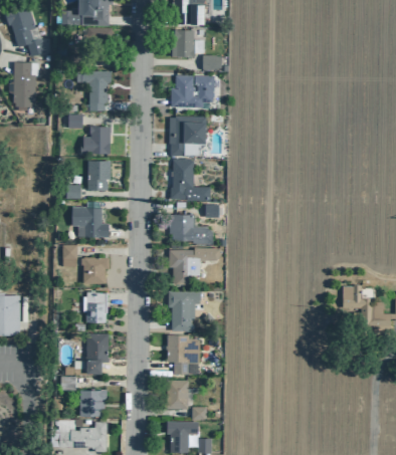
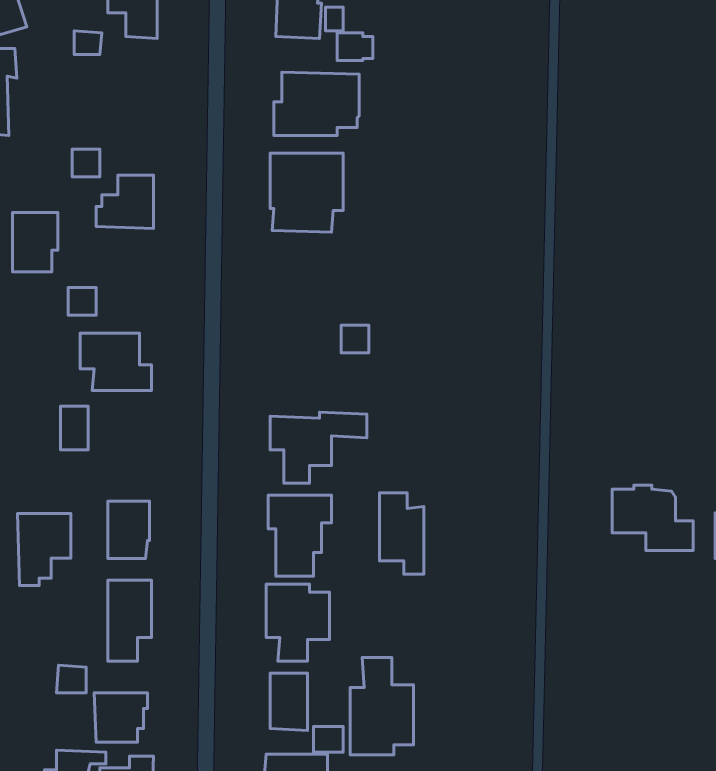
building: [81,71,111,111] -> none
building: [171,159,210,201] -> none
building: [87,161,111,191] -> [12,213,58,272]
building: [169,215,214,244] -> none
building: [82,258,109,284] -> none
building: none -> [379,493,424,574]
building: none -> [18,513,71,586]
building: none -> [350,657,413,755]

